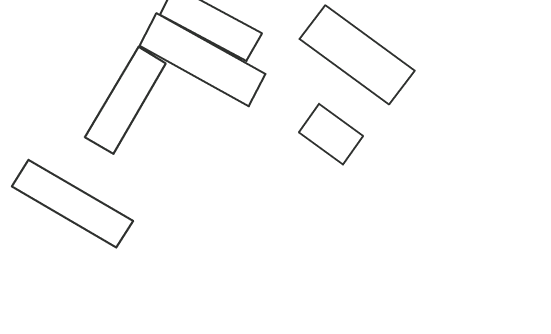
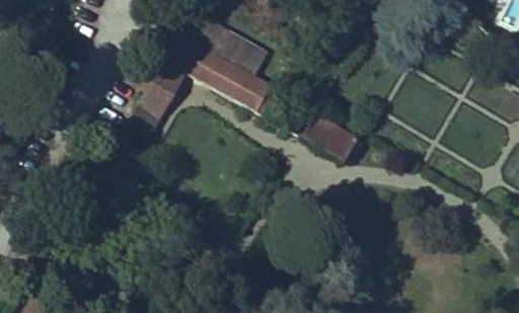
building: [299,5,415,104] -> none
building: [12,160,133,248] -> none

